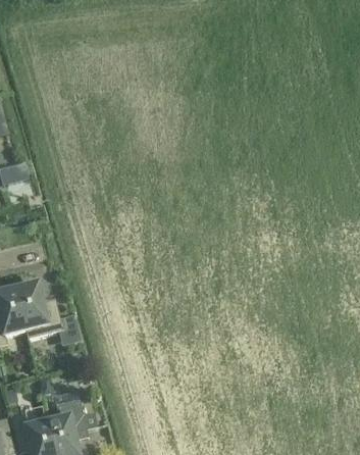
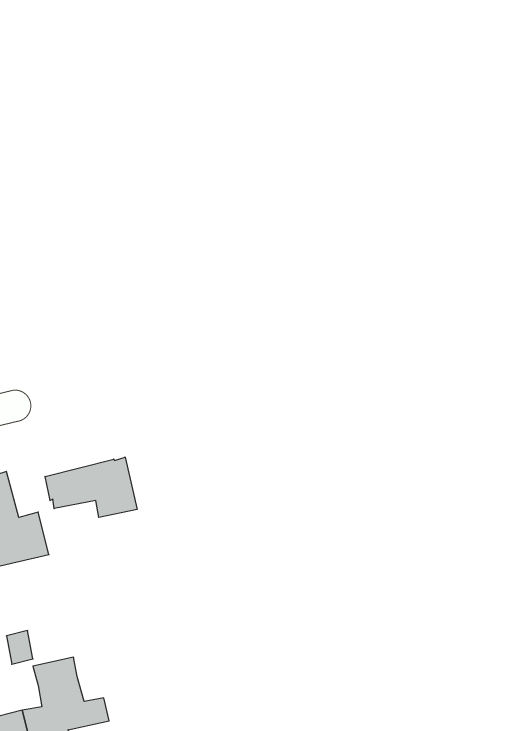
building: none -> [45,457,137,517]

